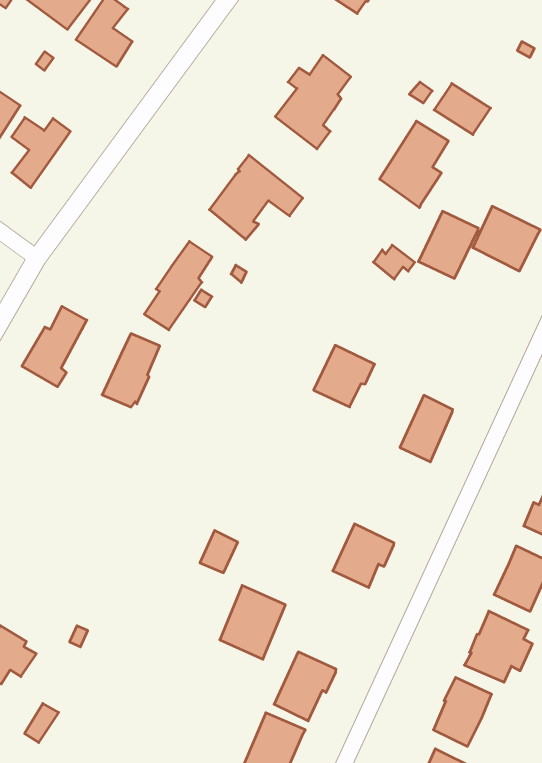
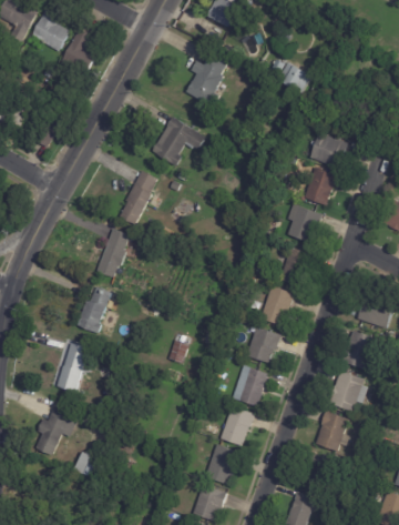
building: [380,121,448,208] -> none
building: [418,211,478,278] -> [303,166,336,205]
building: [22,306,87,387] -> [76,285,112,333]
building: [314,345,375,407] -> [286,206,320,242]
building: none -> [259,284,294,325]
building: none -> [57,342,89,391]
building: [220,585,285,659] -> [232,364,268,406]

